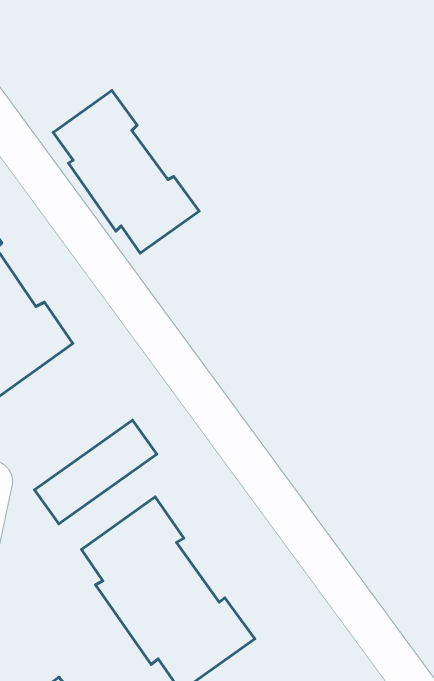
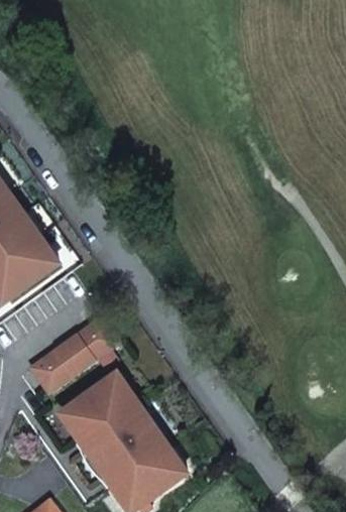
building: [53,91,199,253] -> none

